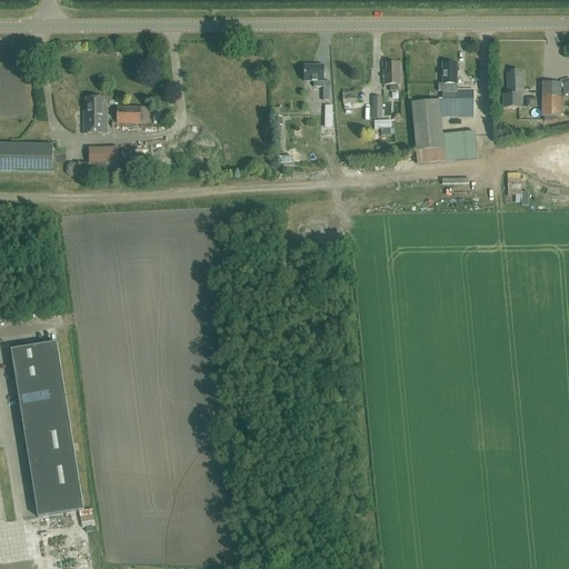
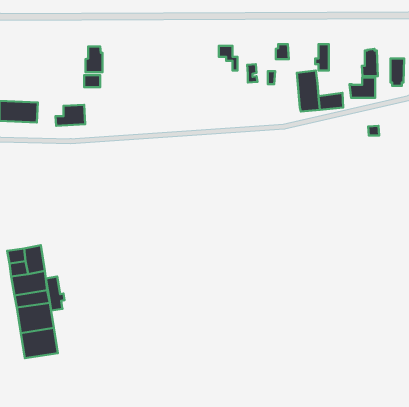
building: [438,88,473,116] -> [349,78,375,98]
building: [82,96,106,131] -> [86,46,102,72]
building: none -> [46,277,65,311]
building: [34,490,83,515] -> none

